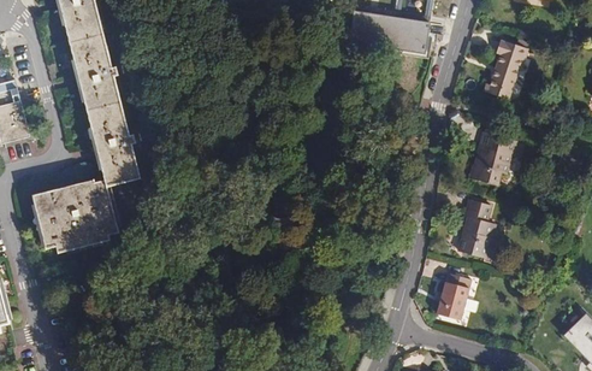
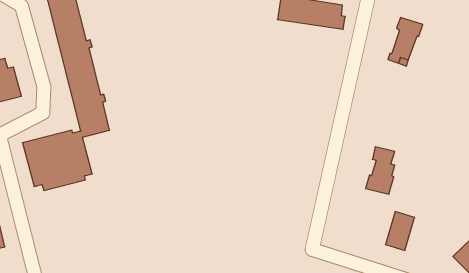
building: [469,131,522,186] -> none
building: [434,271,470,319] -> [386,212,415,250]

